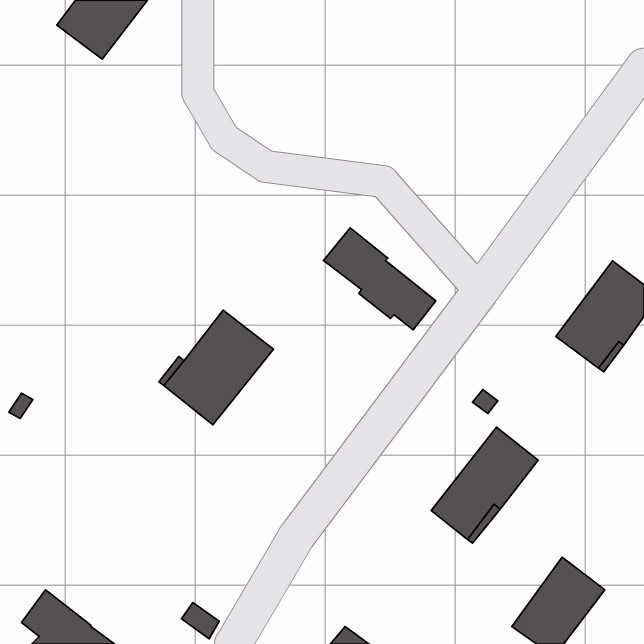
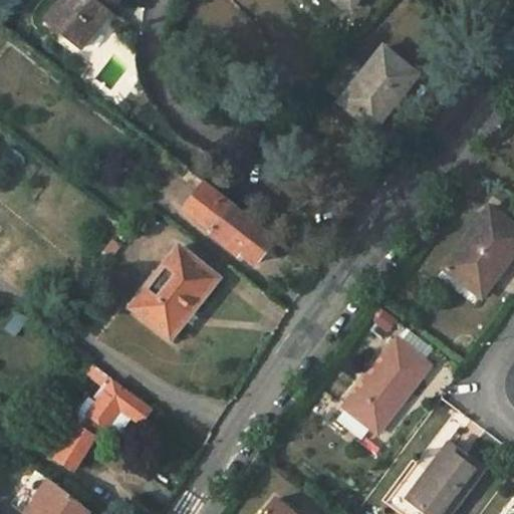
building: none -> [340,47,417,128]
building: [324,228,436,330] -> [184,183,273,264]
building: none -> [56,364,151,469]

